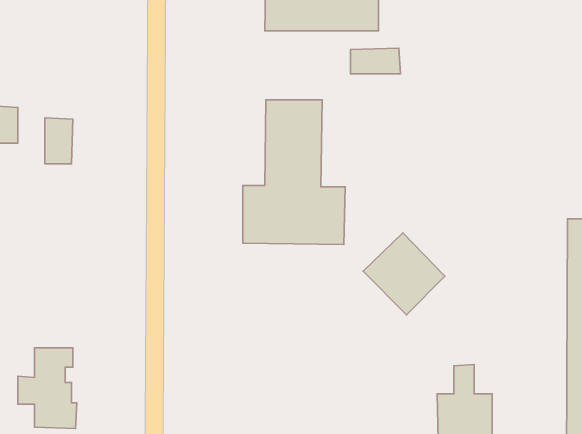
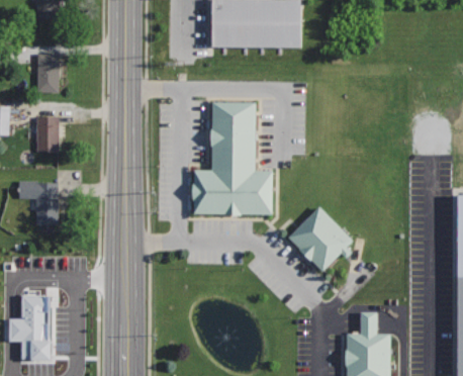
building: none -> [35,53,63,93]
building: [350,48,400,74] -> none
building: none -> [19,181,59,224]

